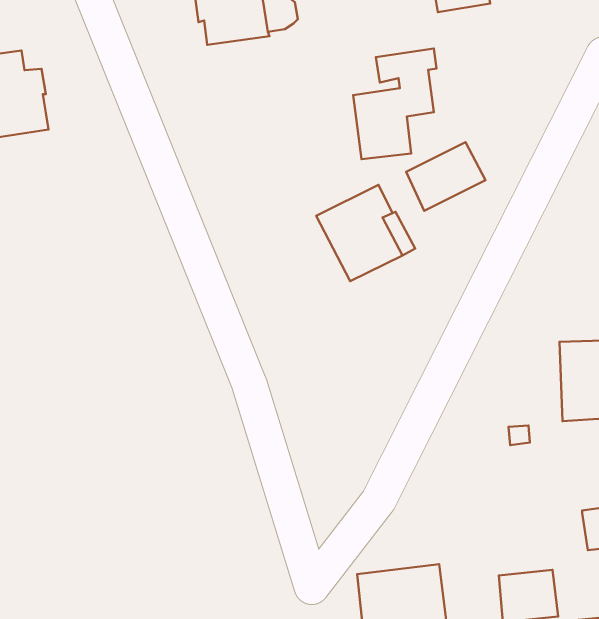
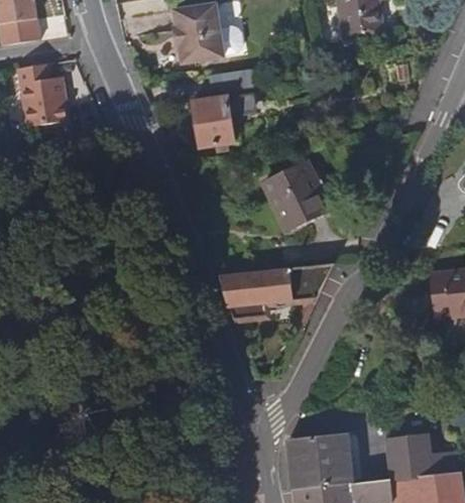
building: [353,49,437,159] -> [192,69,251,147]
building: [406,142,485,211] -> none
building: none -> [218,263,334,308]

